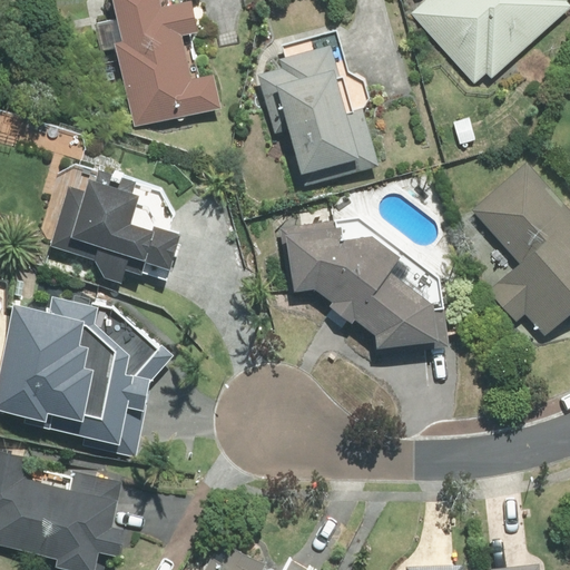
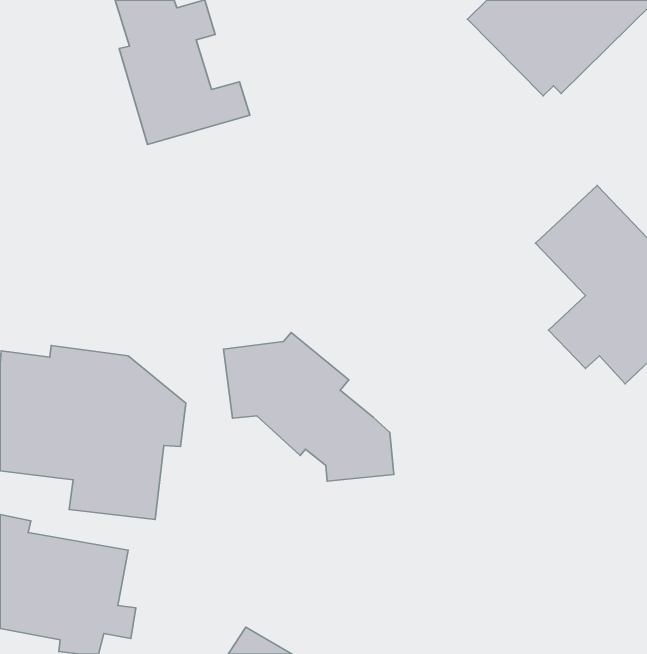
building: [257,42,380,190] -> none
building: [49,170,178,278] -> none
building: [284,217,432,346] -> [223,333,394,481]

